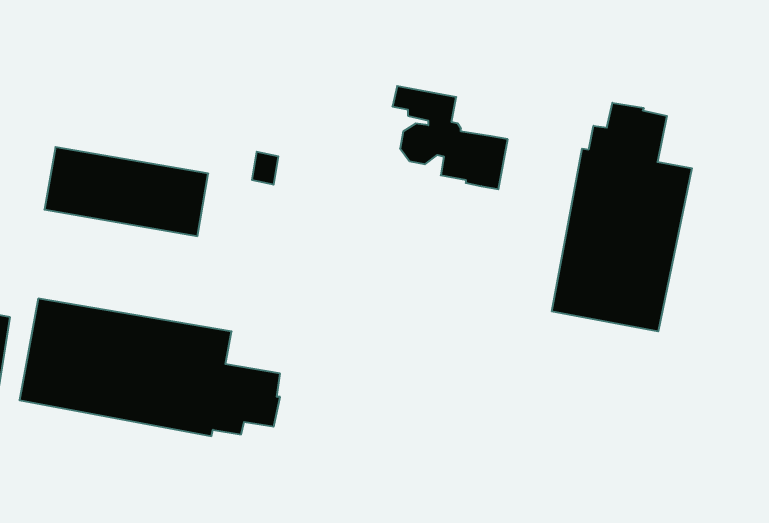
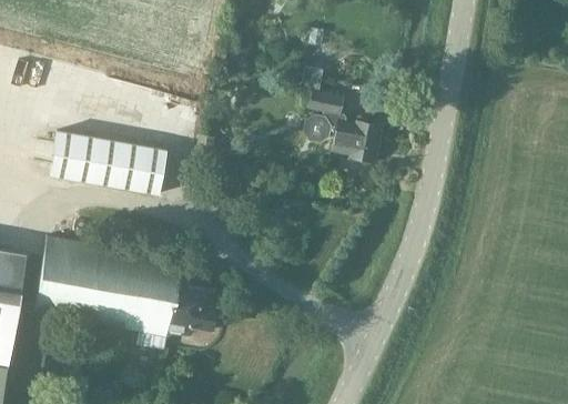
building: [552,103,692,331] -> none

